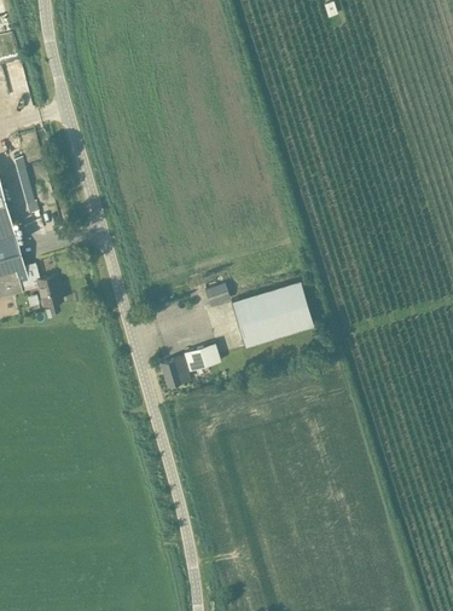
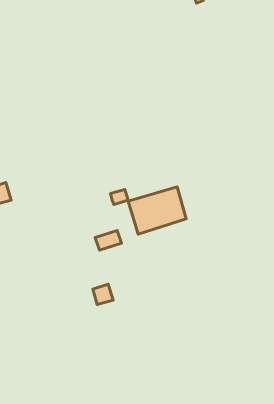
building: [159,357,188,386] -> [93,284,113,304]

